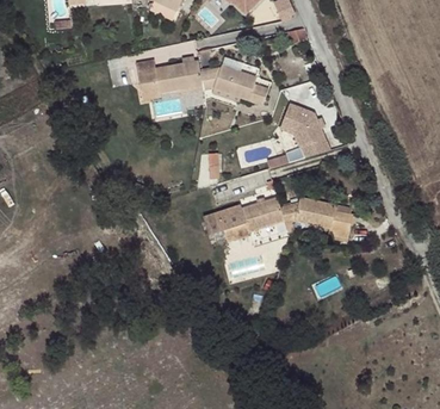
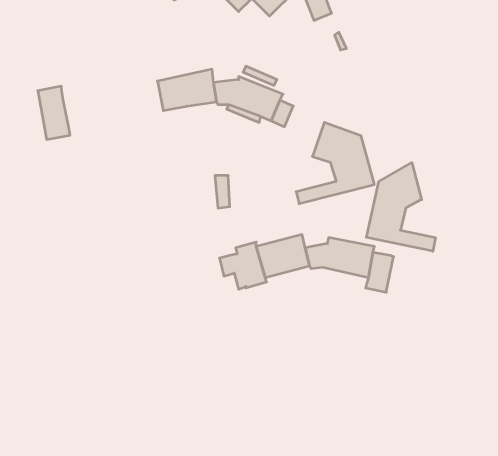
building: [136,62,162,105] -> [38,86,70,139]
building: none -> [366,163,435,251]

